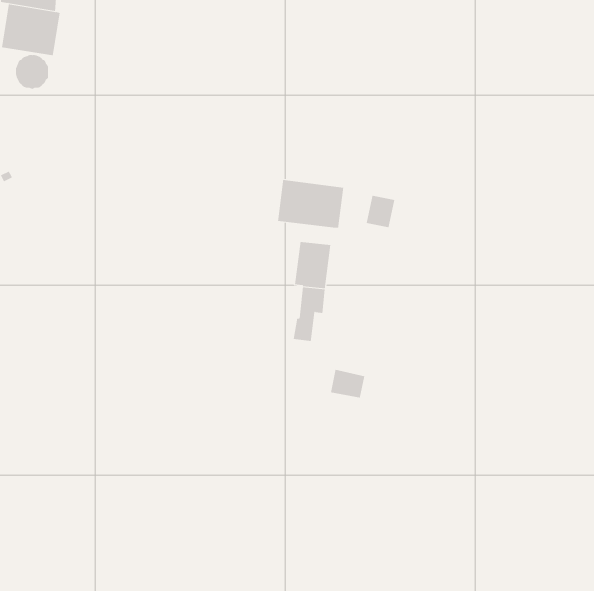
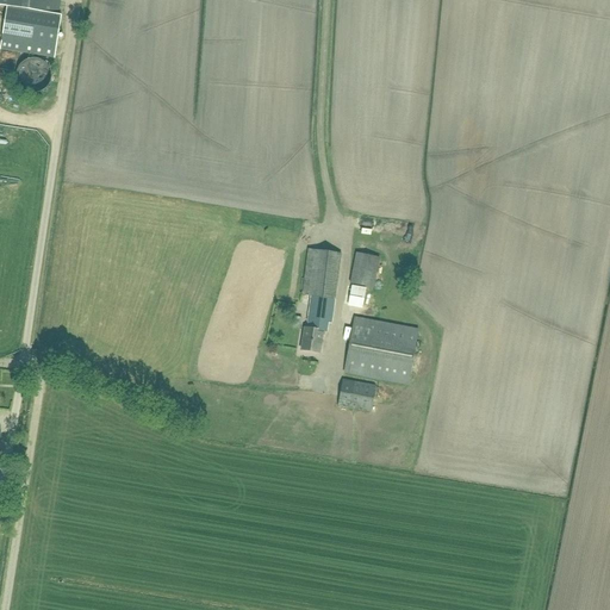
building: [277,179,344,229] -> none
building: [366,195,395,228] -> [349,251,379,285]
building: none -> [343,316,417,382]

